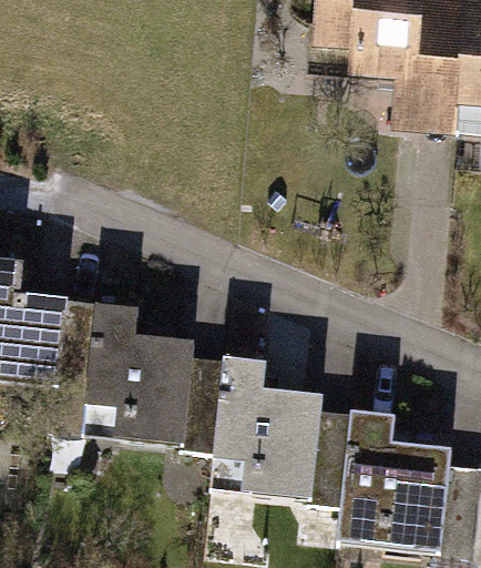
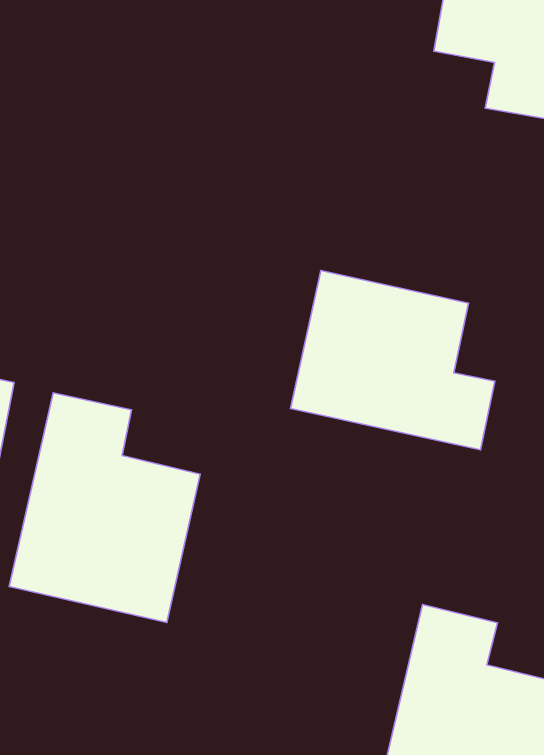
building: none -> [291,270,495,450]
building: [208,357,328,500] -> none

